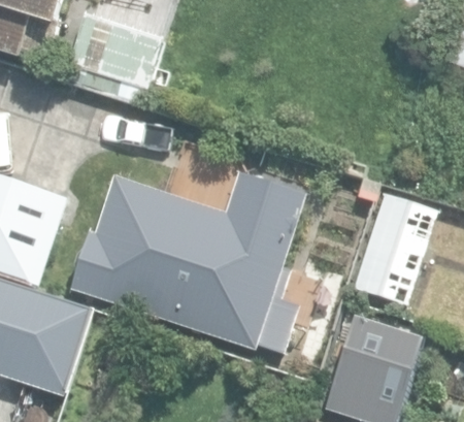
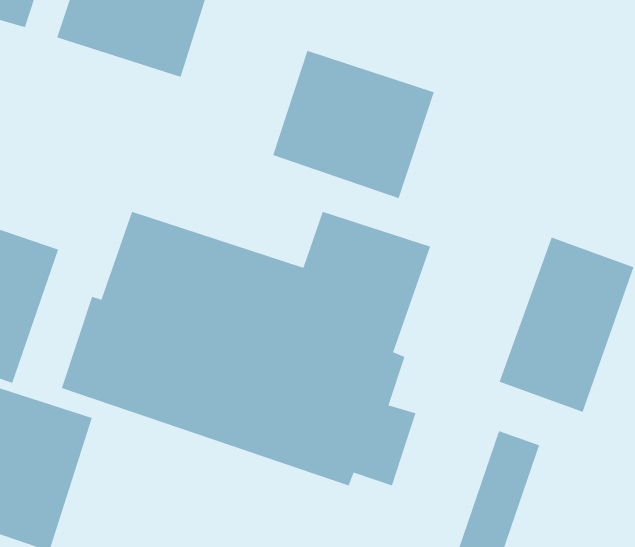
building: none -> [272,50,435,199]

